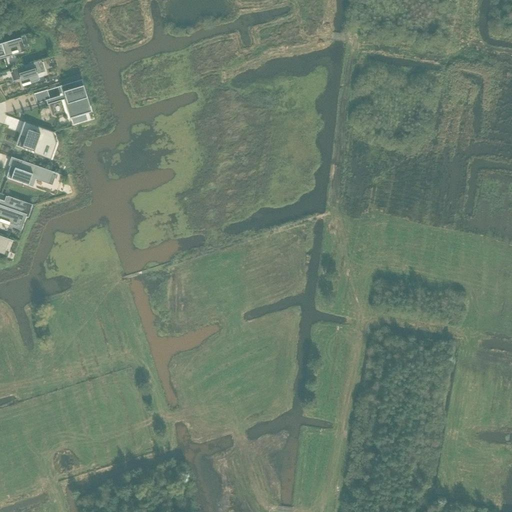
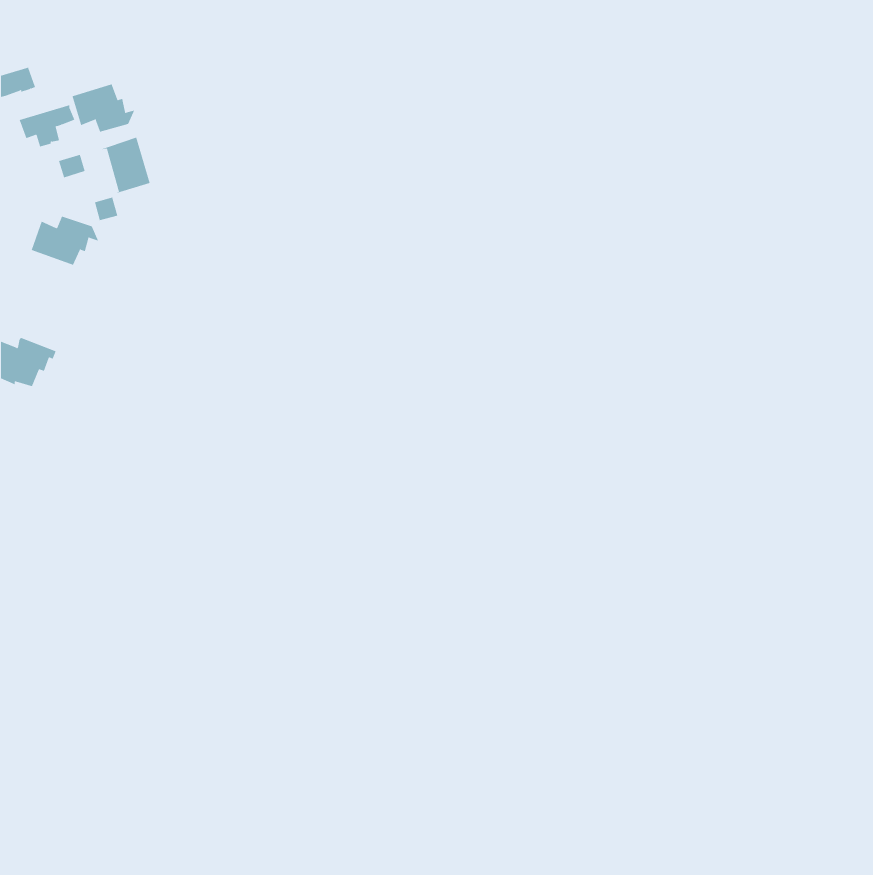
building: none -> [72,83,135,133]
building: [7,160,54,185] -> none

